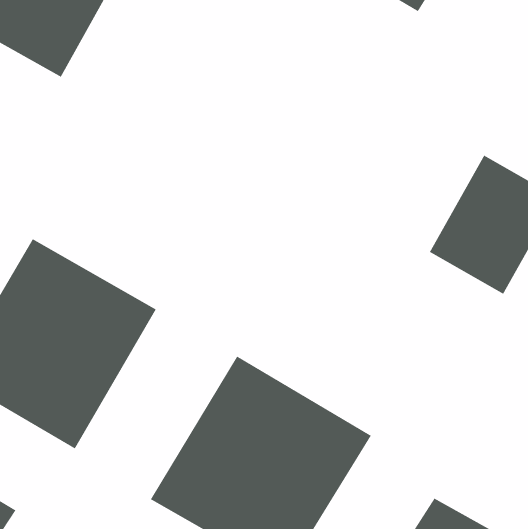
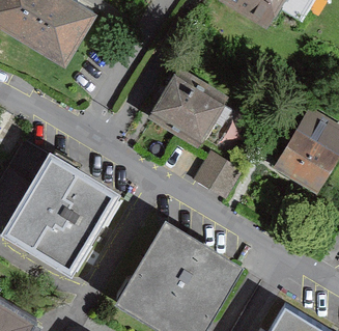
building: none -> [150,61,236,141]
building: none -> [190,153,236,198]

